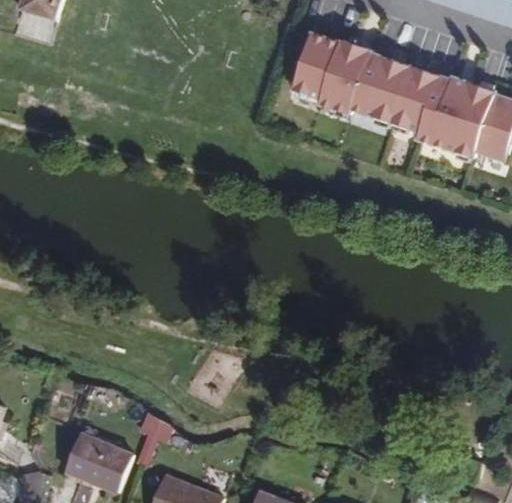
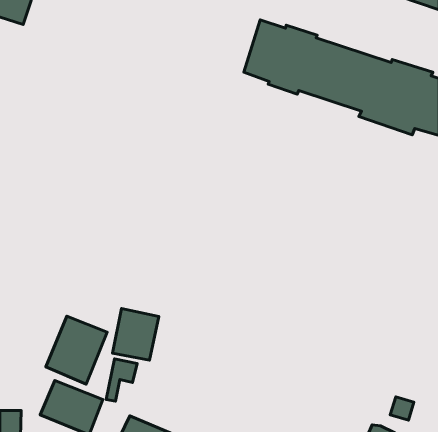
building: none -> [113,309,159,360]
building: none -> [46,316,107,384]

